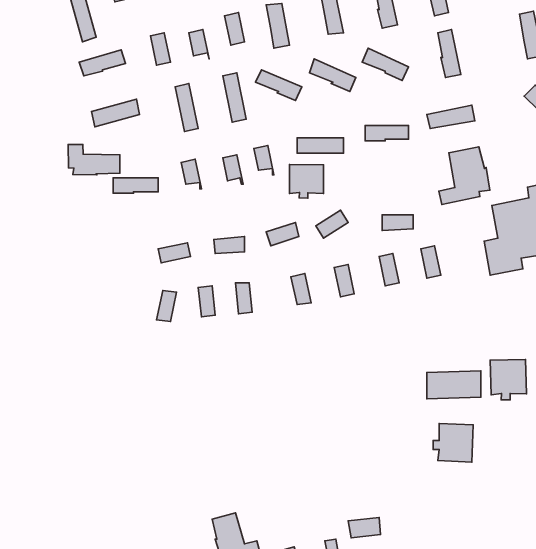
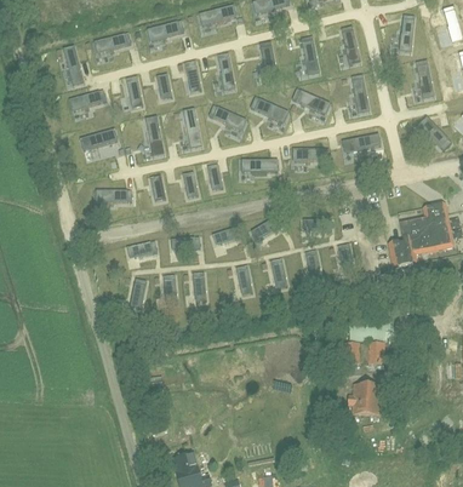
building: [68,144,120,175] -> none
building: [439,147,490,205] -> none
building: [289,165,324,198] -> none
building: [490,359,526,400] -> none

